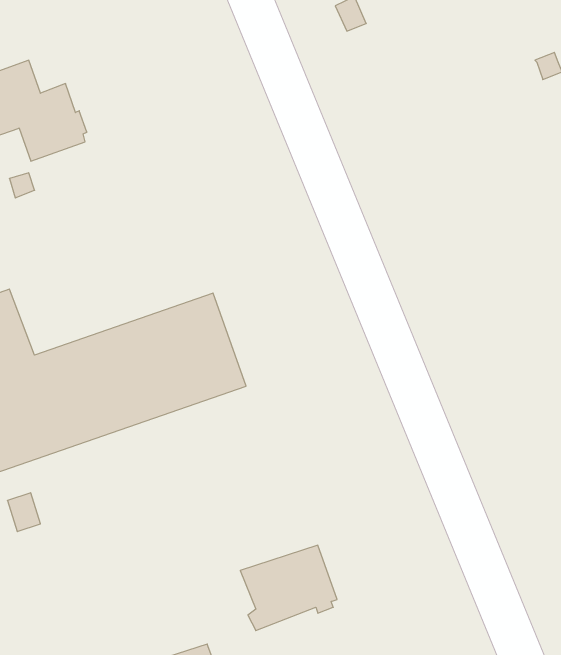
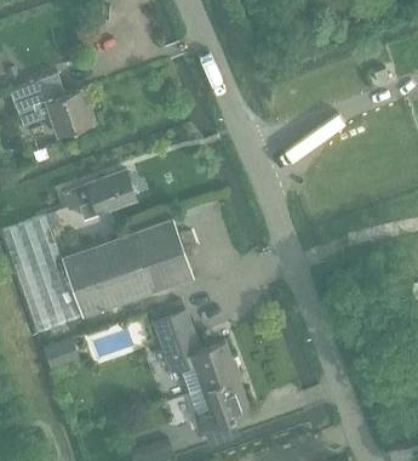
building: none -> [62,170,136,220]
building: none -> [151,300,239,392]

